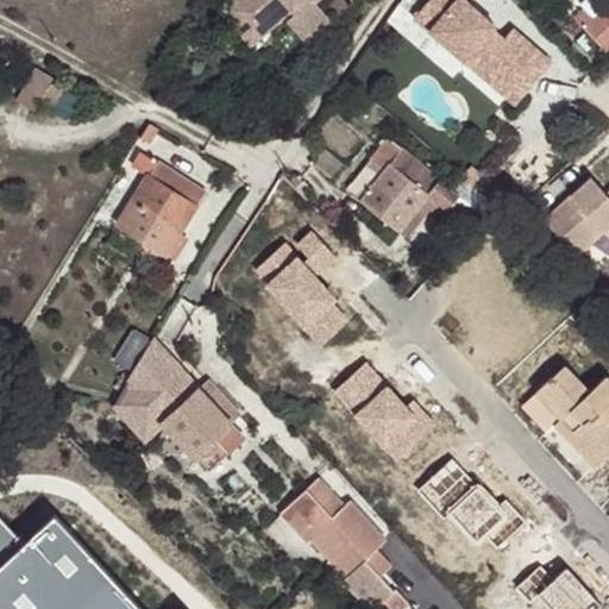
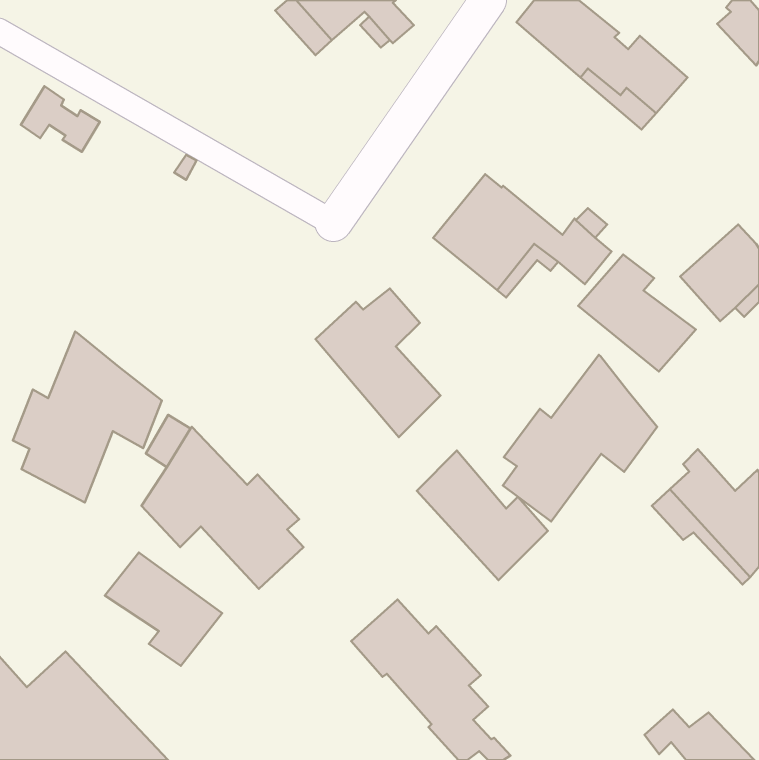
building: [118,152,205,259] -> none
building: none -> [578,255,696,371]
building: none -> [13,332,162,503]
building: none -> [503,355,657,521]
building: none -> [105,553,222,666]
building: [416,459,523,548] -> none

